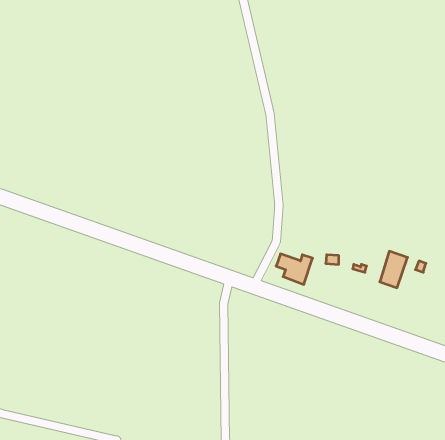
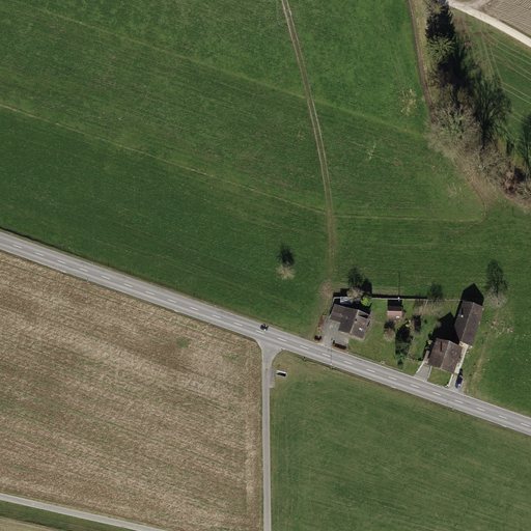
building: none -> [426,338,462,373]

